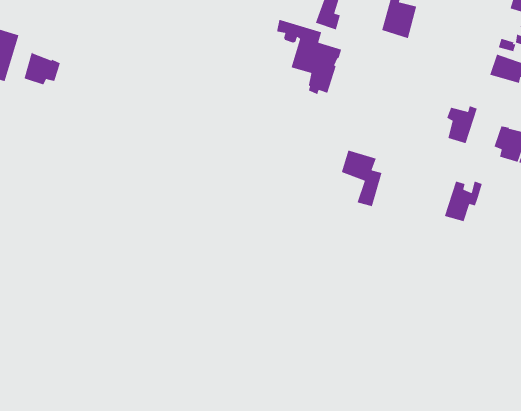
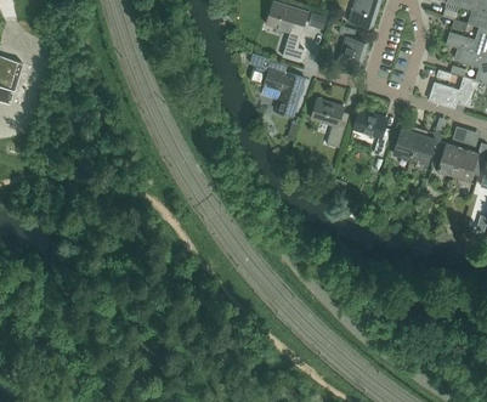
building: [23,50,61,86] -> none
building: none -> [356,109,391,149]
building: [341,150,383,207] -> [312,100,347,148]
building: [444,180,483,222] -> [409,129,442,164]

